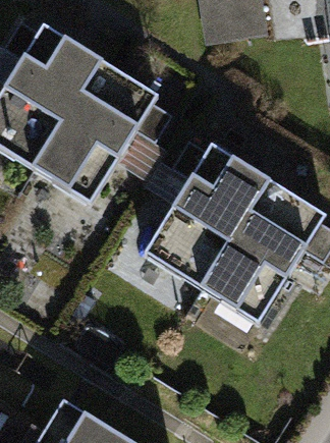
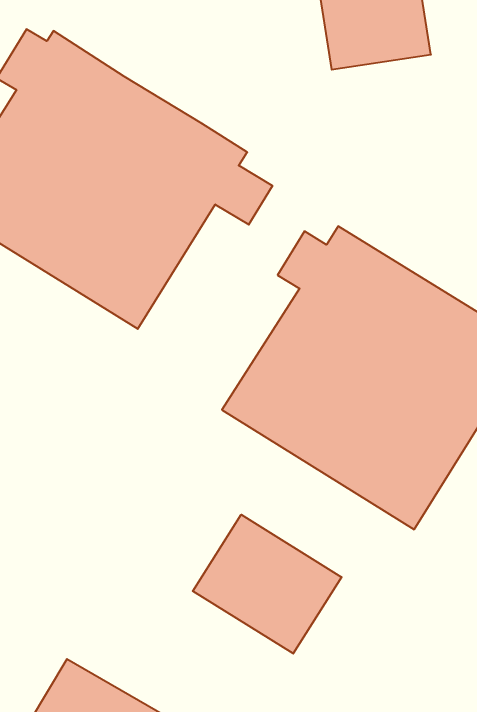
building: none -> [193,515,342,654]

